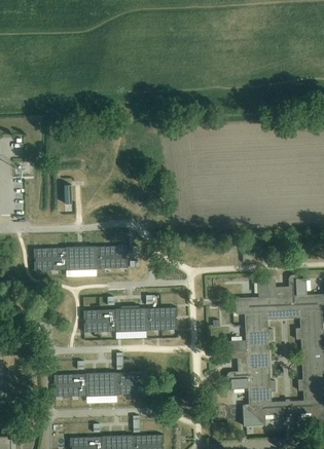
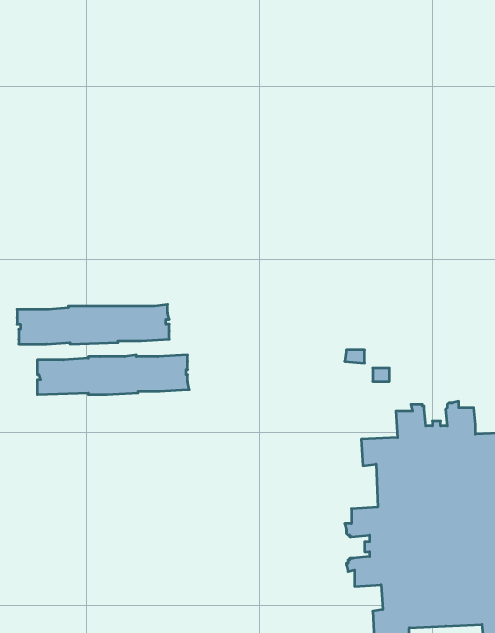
building: [83,307,178,332] -> [17,304,169,344]
building: [55,372,148,397] -> none

